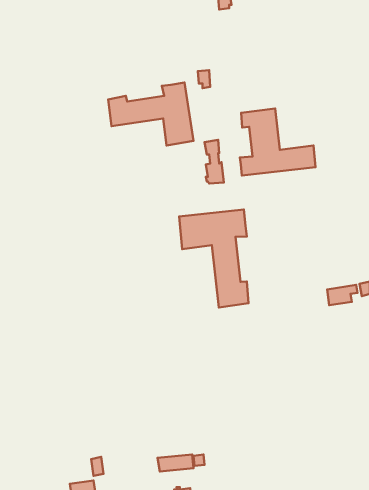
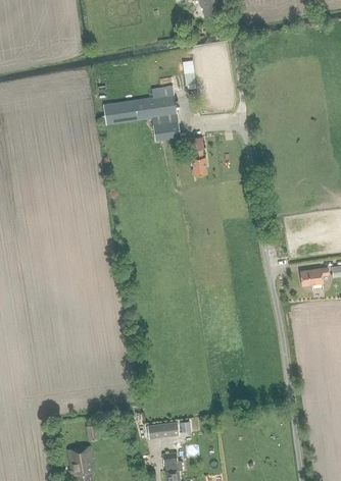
building: [240,109,316,175] -> none
building: [179,209,249,308] -> none

